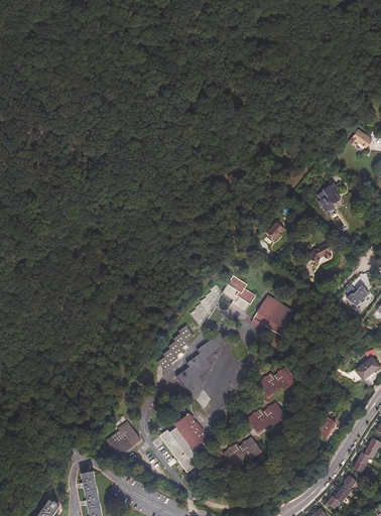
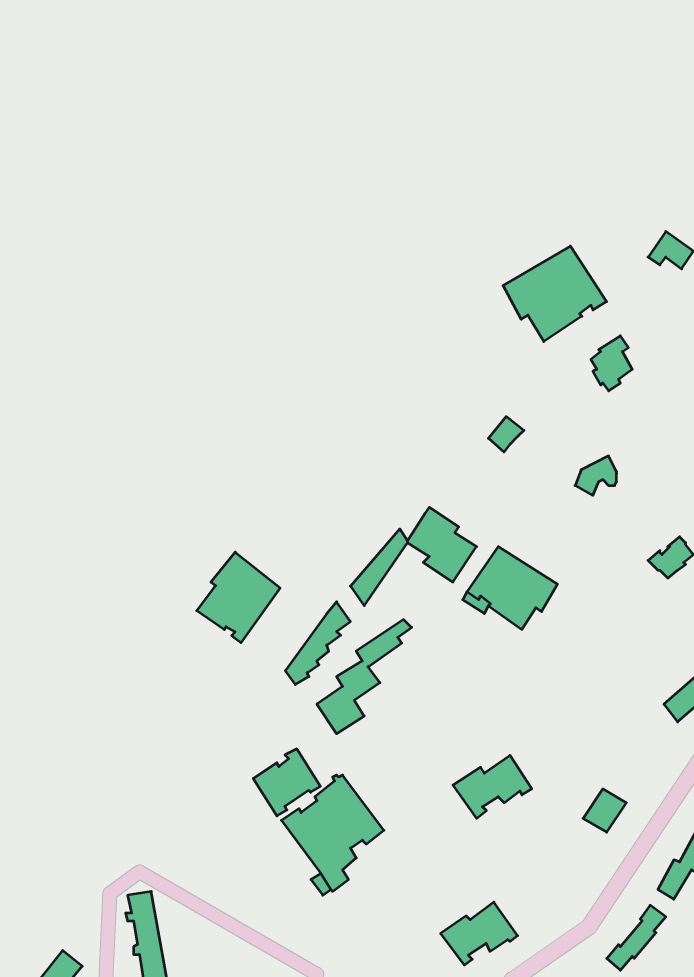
building: none -> [503,246,607,342]
building: none -> [197,552,280,643]
building: [258,365,298,396] -> none
building: [107,419,141,454] -> [253,749,320,816]
building: [223,434,262,467] -> [441,902,518,965]

